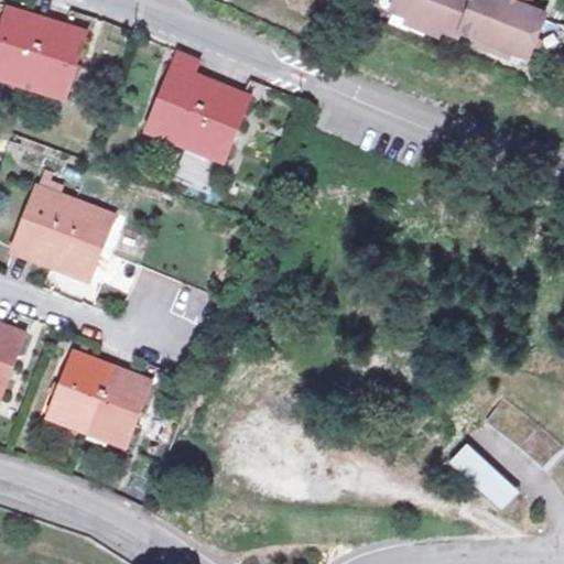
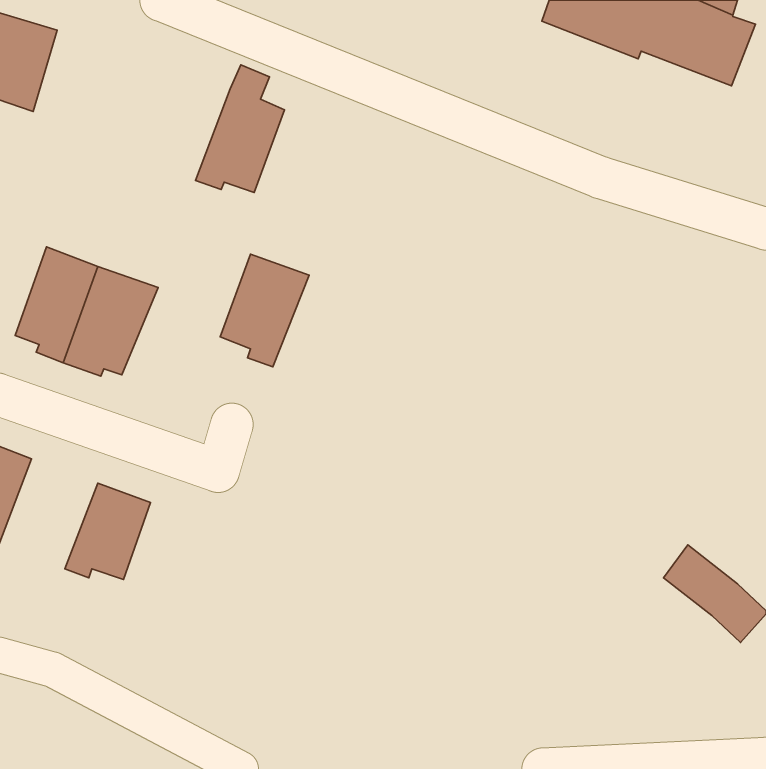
building: [24,22,83,101] -> none
building: [186,80,251,163] -> [220,254,309,367]
building: [90,368,153,447] -> none
building: [448,443,519,511] -> none

